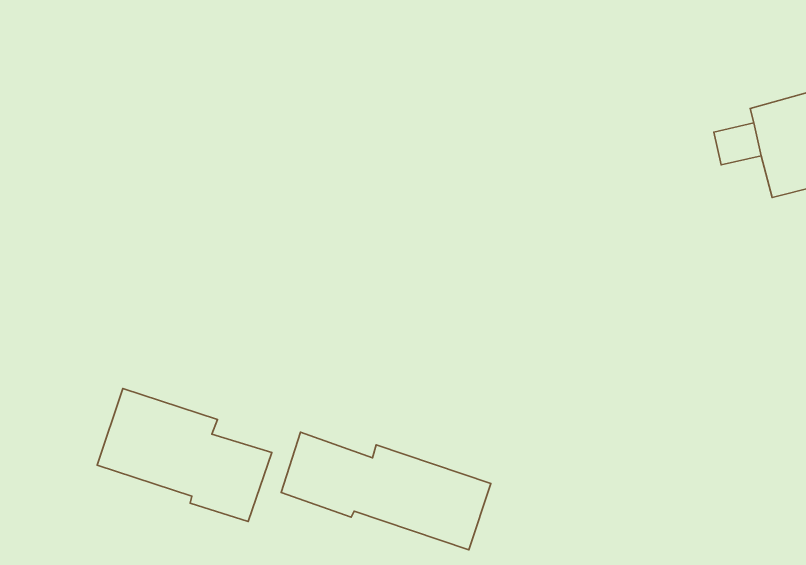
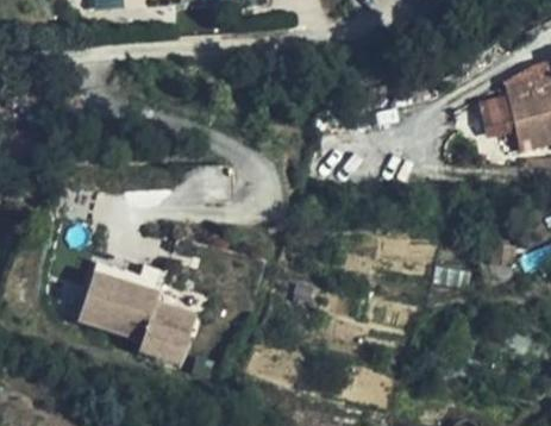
building: [281,432,491,550] -> none

